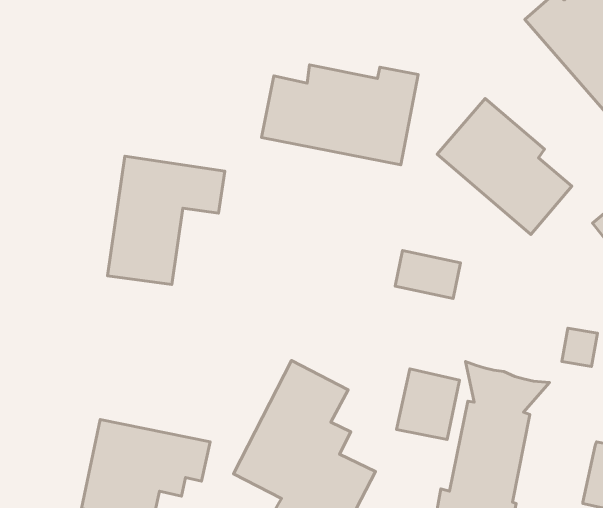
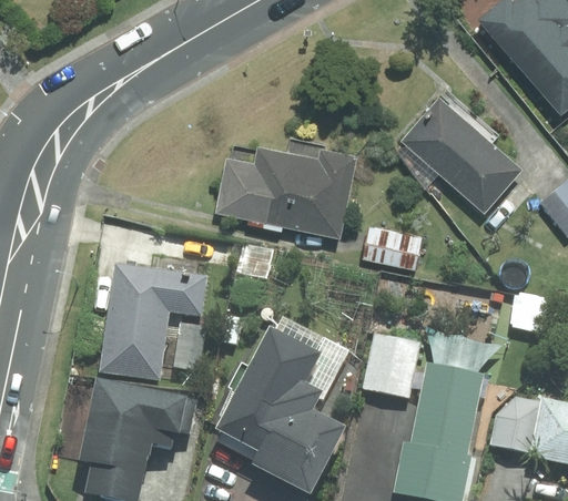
building: [261,65,418,165] -> [215,149,356,238]
building: [108,156,225,285] -> [101,264,206,379]
building: none -> [490,397,542,453]

